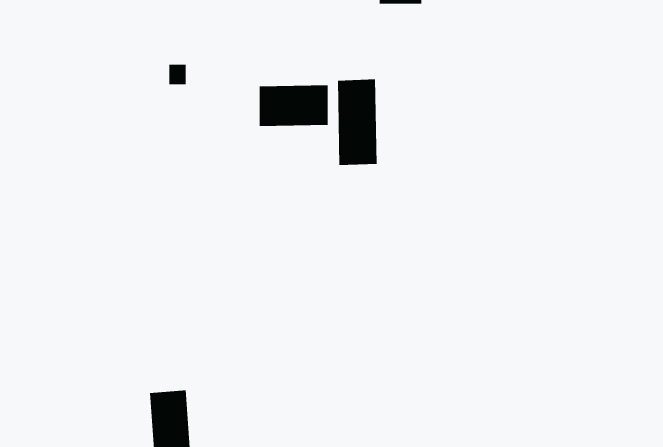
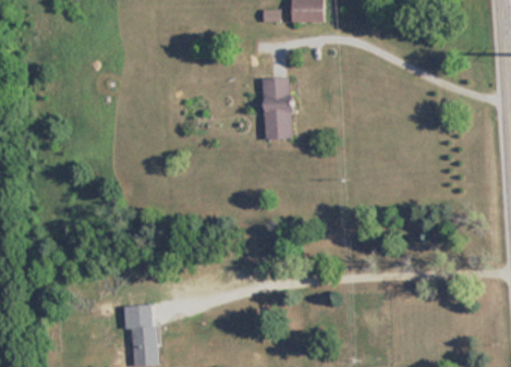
building: [259,85,328,127] -> none

